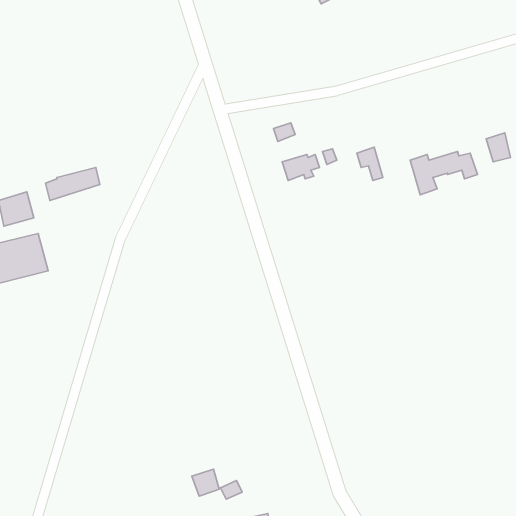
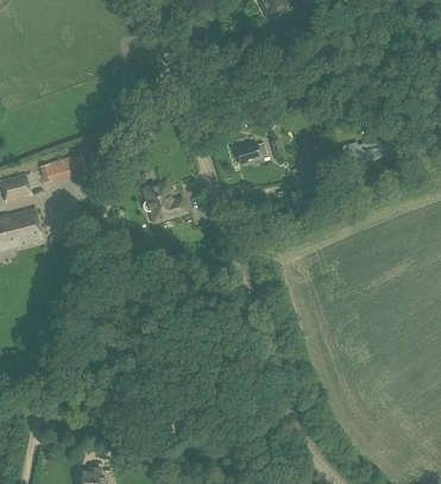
building: none -> [141,181,185,221]

